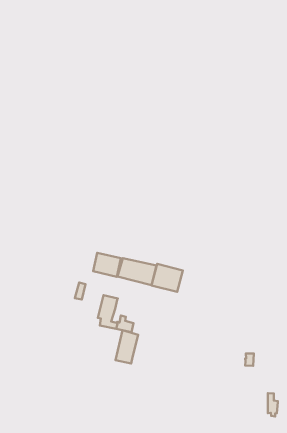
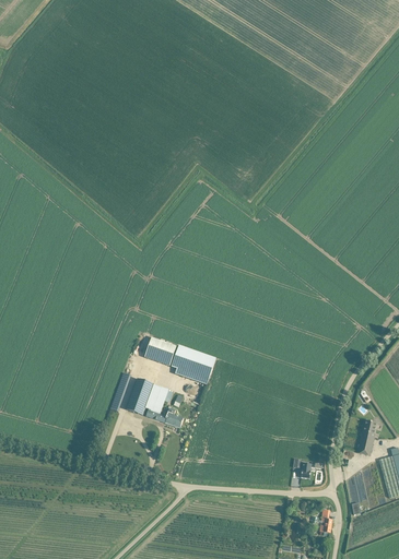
building: [151,264,183,292] -> none
building: [116,330,138,363] -> [127,377,154,414]

